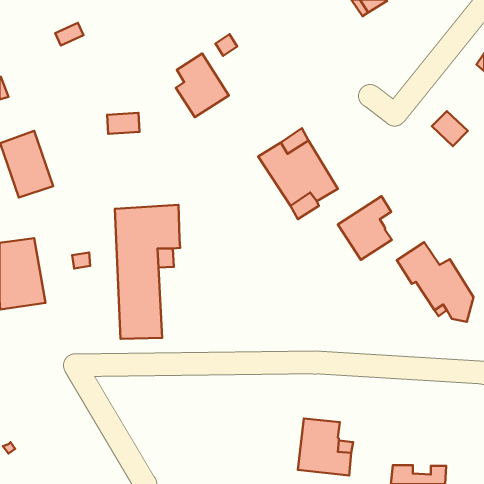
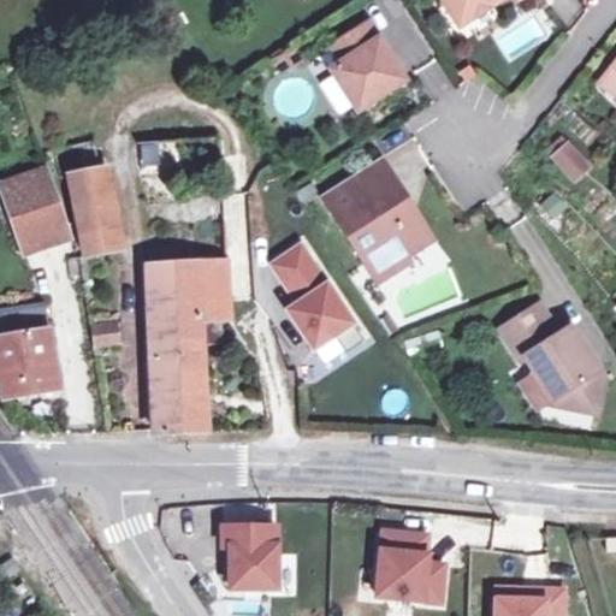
building: [176,54,229,117] -> [333,25,401,106]
building: none -> [54,137,111,251]
building: none -> [271,243,363,350]
building: [338,196,392,260] -> none
building: none -> [226,525,279,587]

